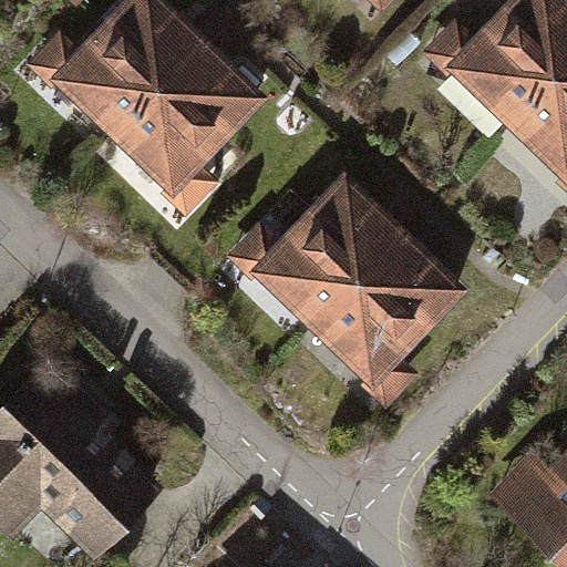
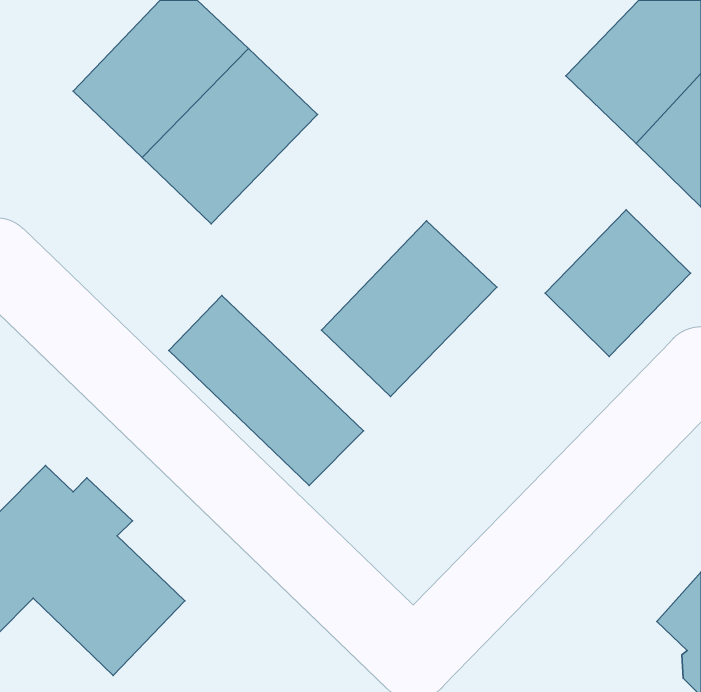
building: none -> [545,210,690,357]
building: [313,241,455,383] -> none
building: none -> [169,296,363,485]

